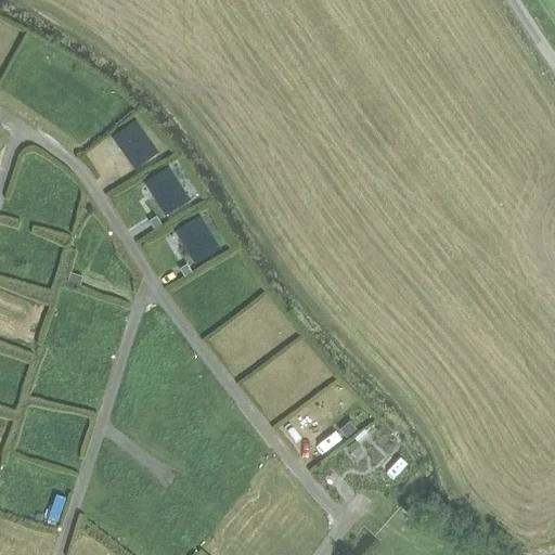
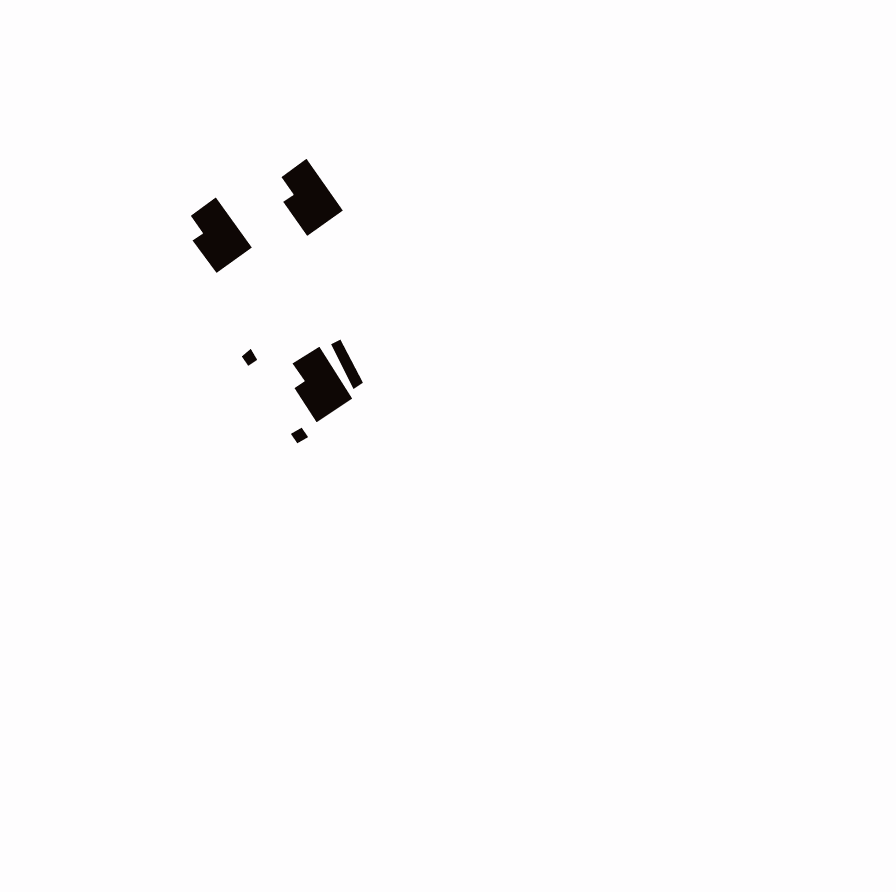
building: [150,166,189,215] -> [280,158,344,237]

